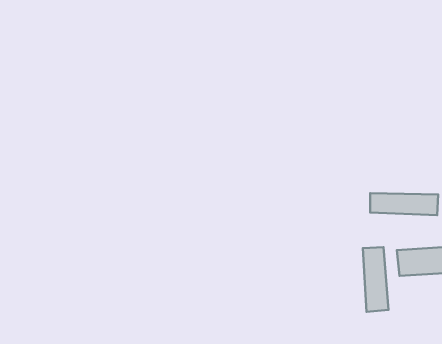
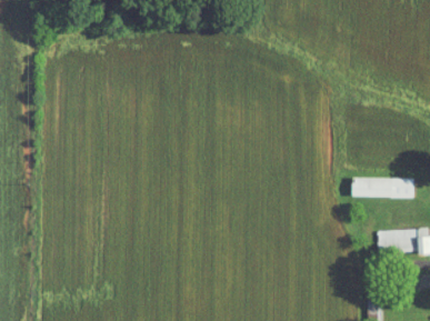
building: [363,247,389,312] -> none

